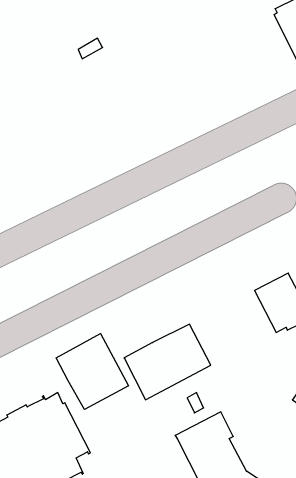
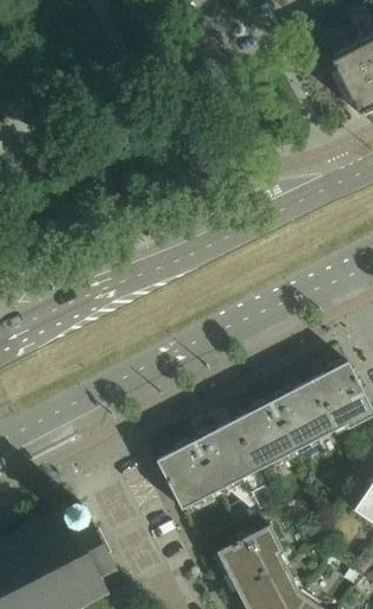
building: none -> [233,382,334,469]
building: [56,334,128,409] -> none

